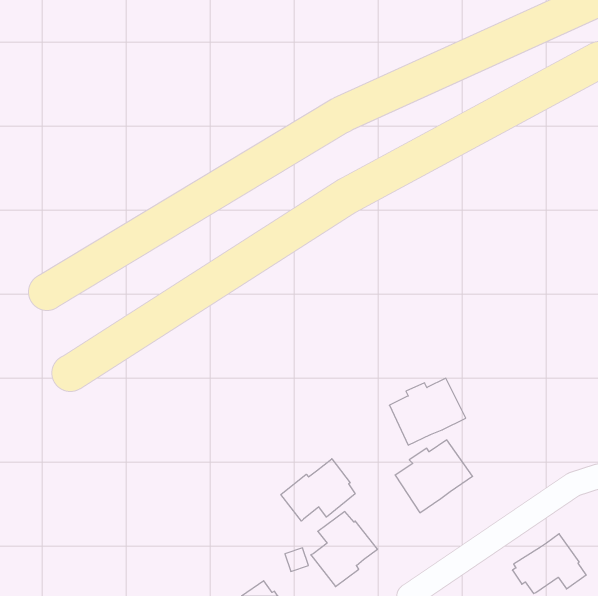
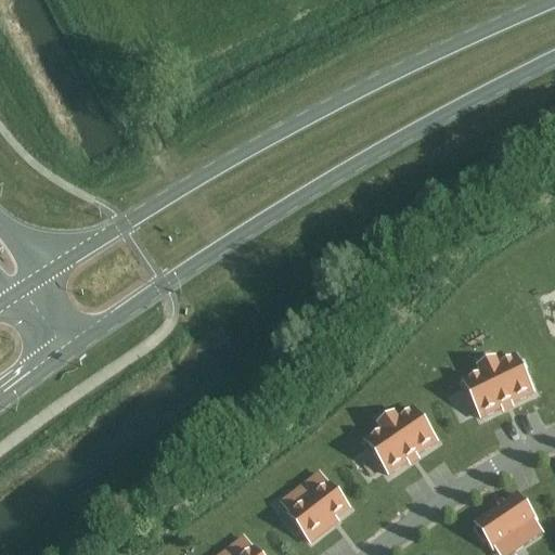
building: [389,378,466,445] -> [464,354,534,416]
building: [281,459,355,521] -> none

